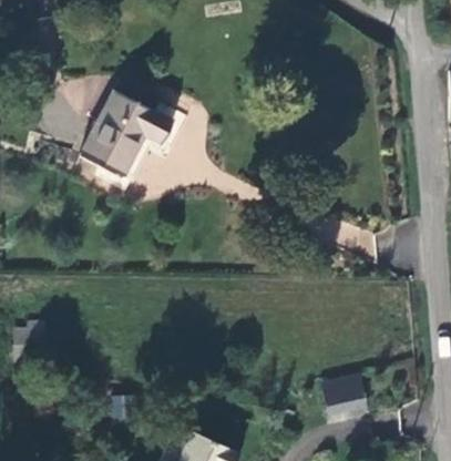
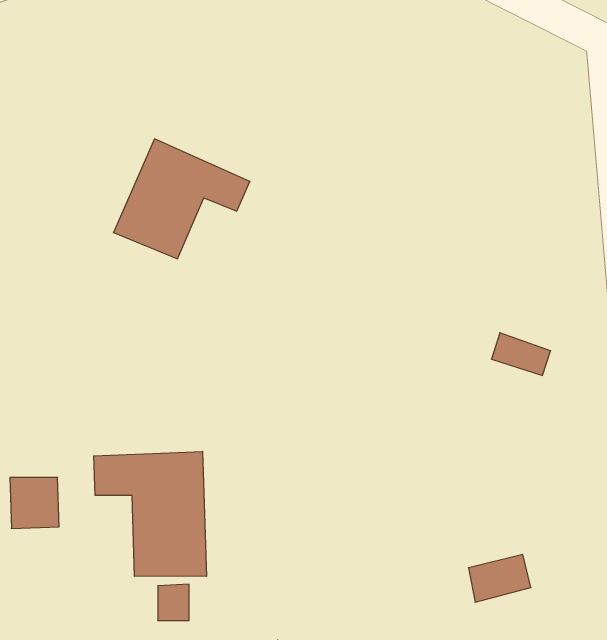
building: none -> [94,451,207,576]

